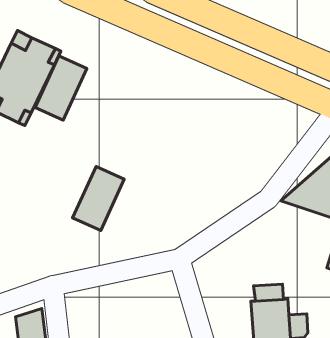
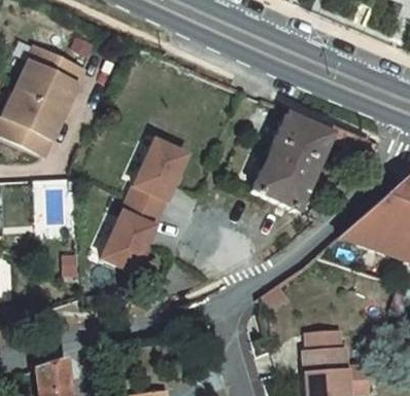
building: [35,56,87,120] -> [127,141,185,214]
building: none -> [250,114,371,213]

